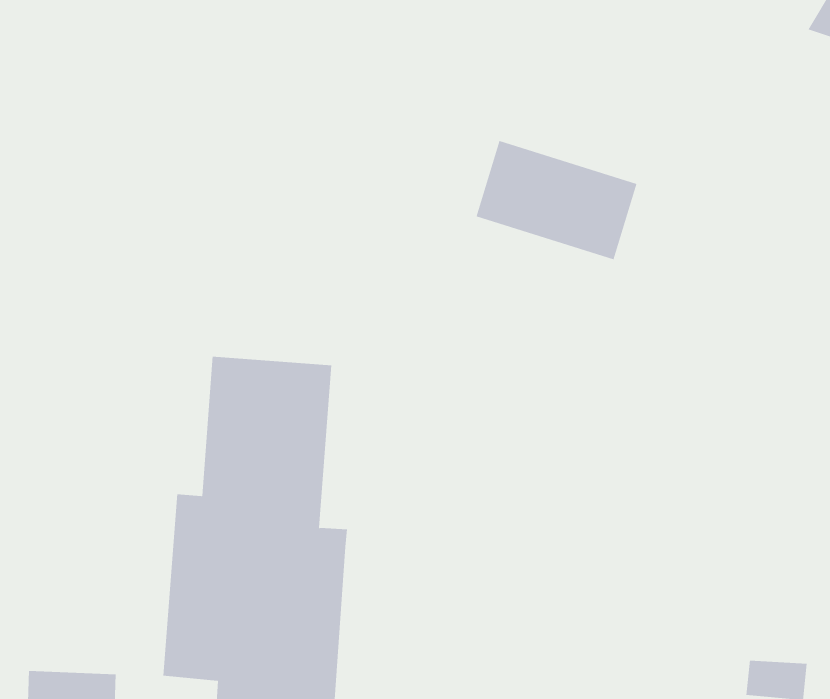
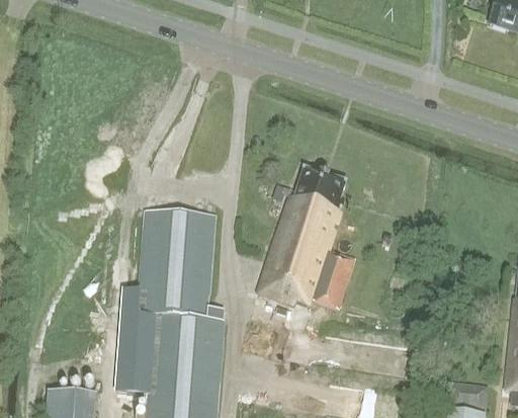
building: [476,140,637,260] -> none
building: none -> [259,166,355,308]

